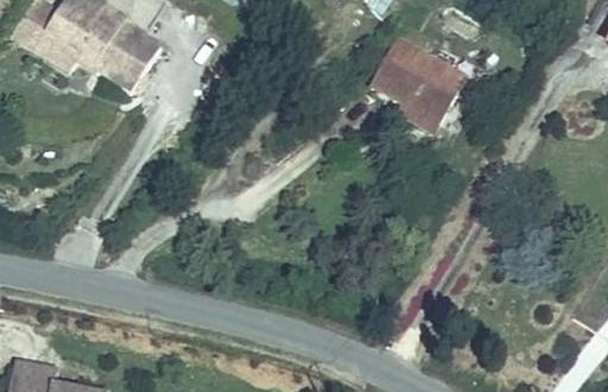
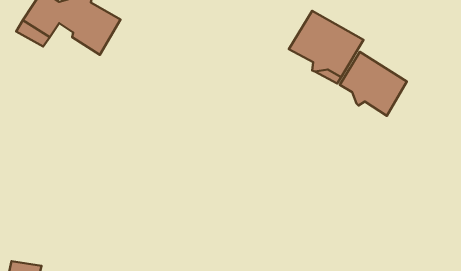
building: none -> [340,52,407,116]

